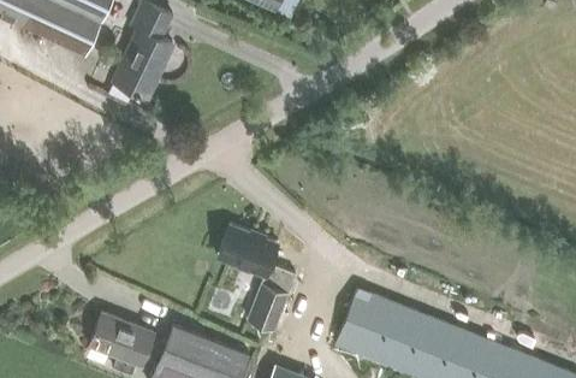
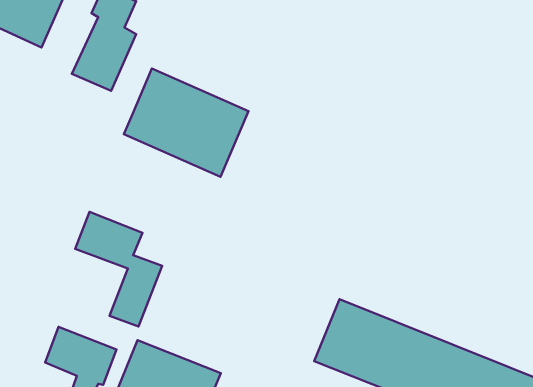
building: none -> [124,69,248,177]
building: [216,224,296,329] -> [75,212,162,327]

